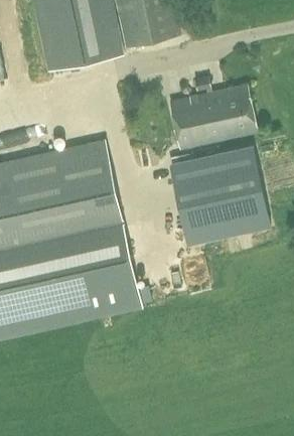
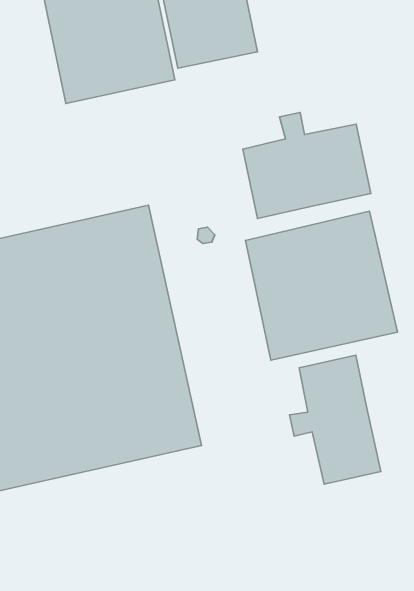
building: none -> [289,355,381,484]

